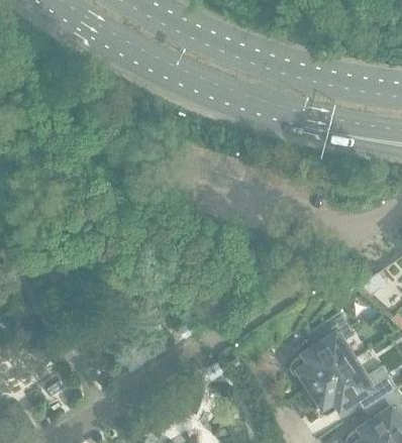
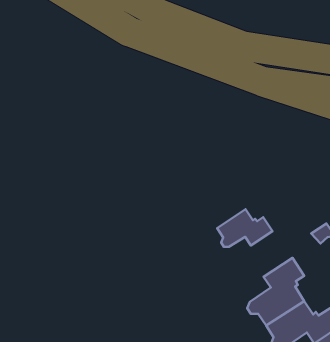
building: none -> [217,209,272,247]

